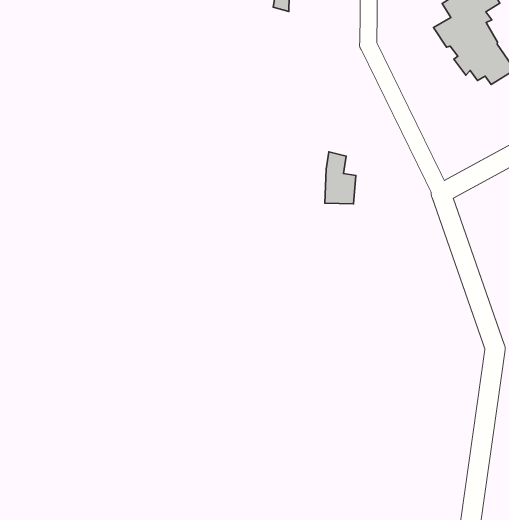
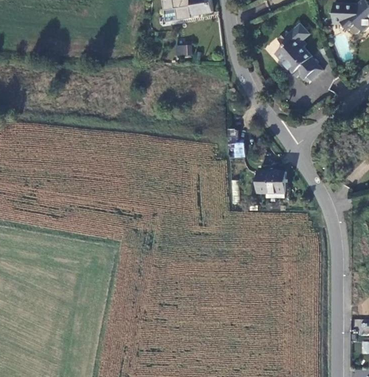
building: none -> [258,172,285,197]

